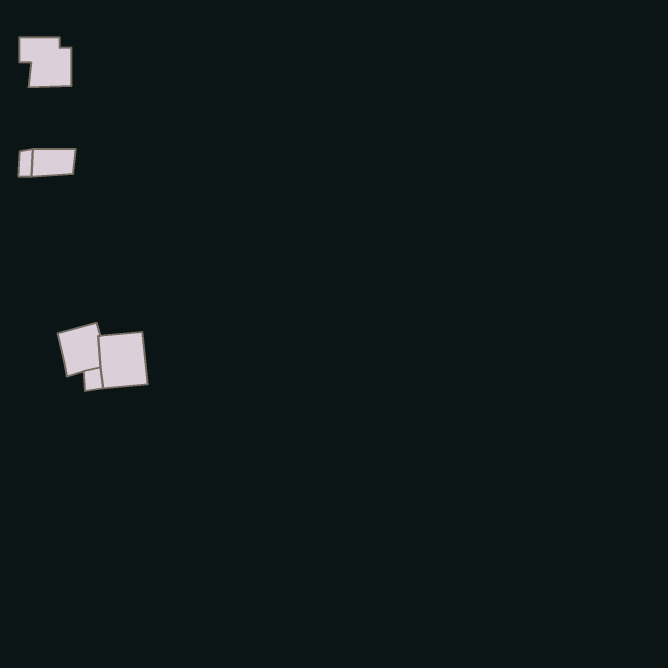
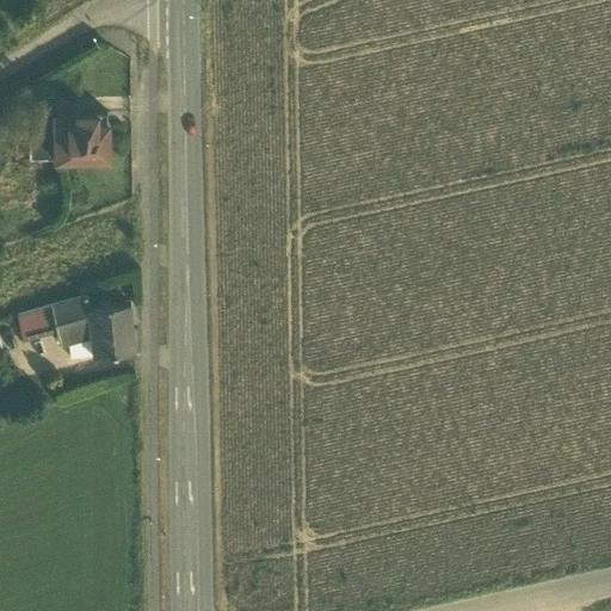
building: [19,37,72,87] -> [58,113,106,159]
building: none -> [17,304,58,340]

